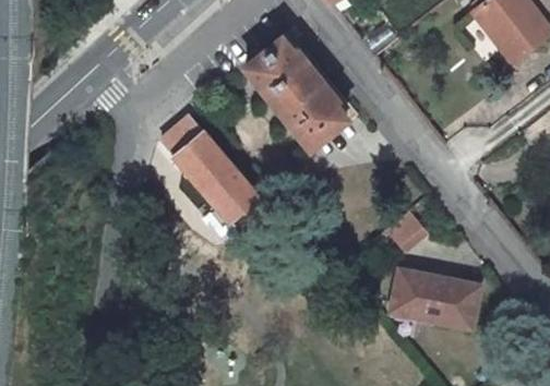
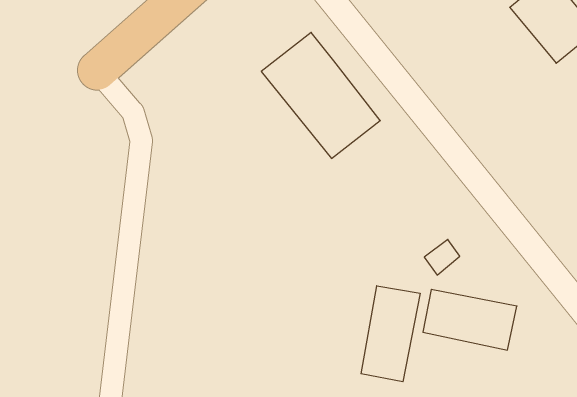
building: [160,118,258,220] -> none
building: none -> [361,286,420,382]

